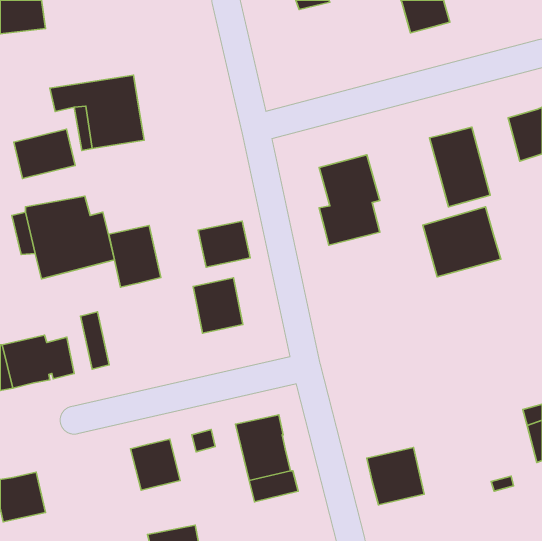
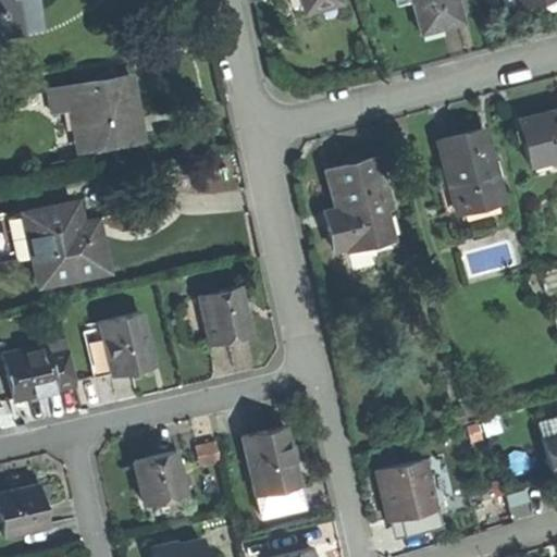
building: [14,129,75,179] -> none
building: [423,207,501,277] -> none
building: [198,221,250,267] -> none
building: [109,226,161,287] -> [100,312,153,375]

